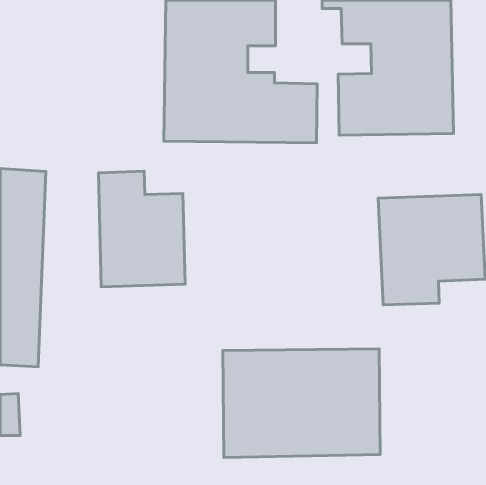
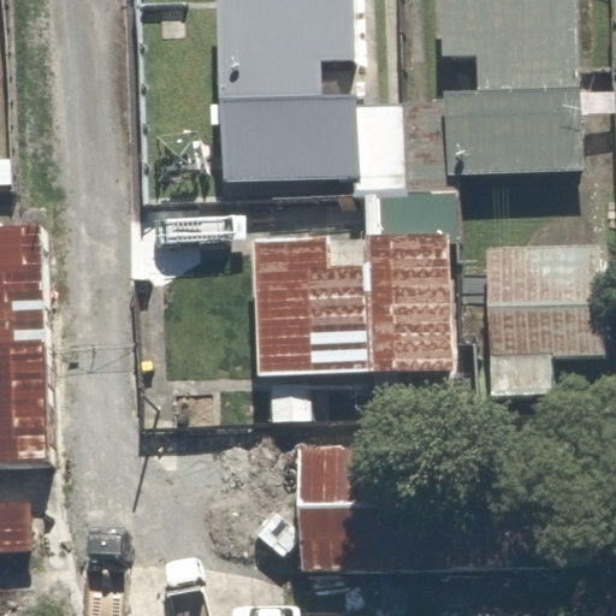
building: none -> [245,192,454,375]
building: [98,171,185,287] -> none

